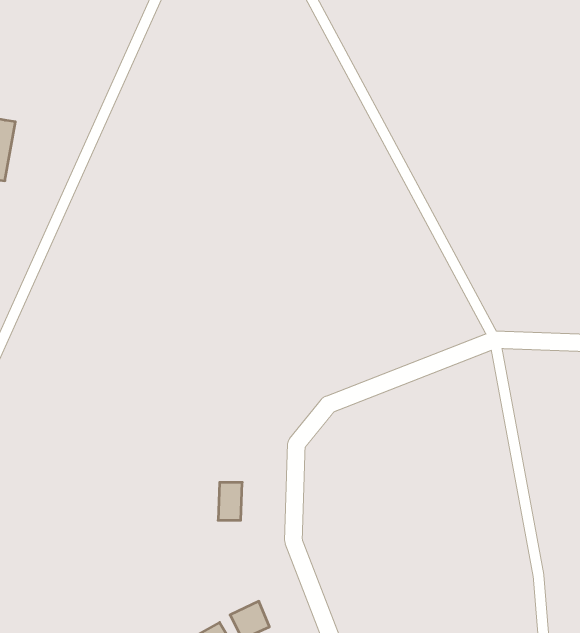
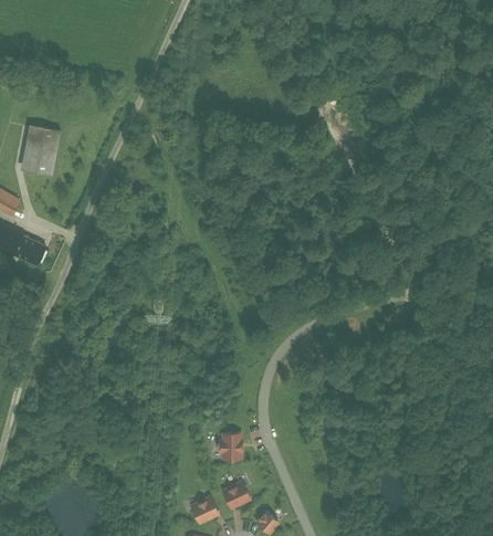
building: [218,482,242,520] -> [219,439,237,466]

